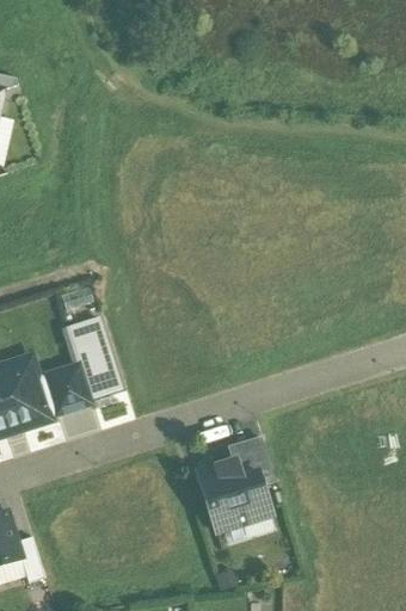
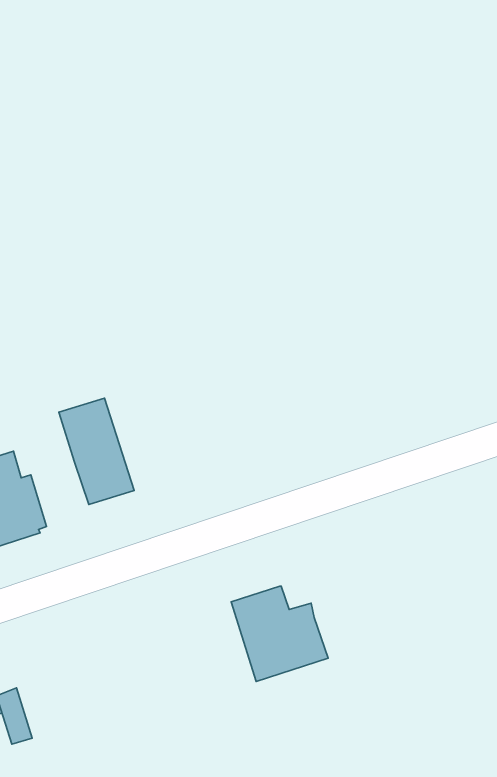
building: [44,366,91,415] -> none
building: [230,439,275,485] -> none

